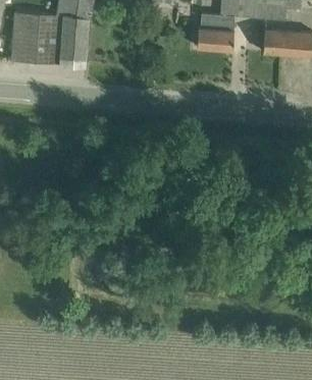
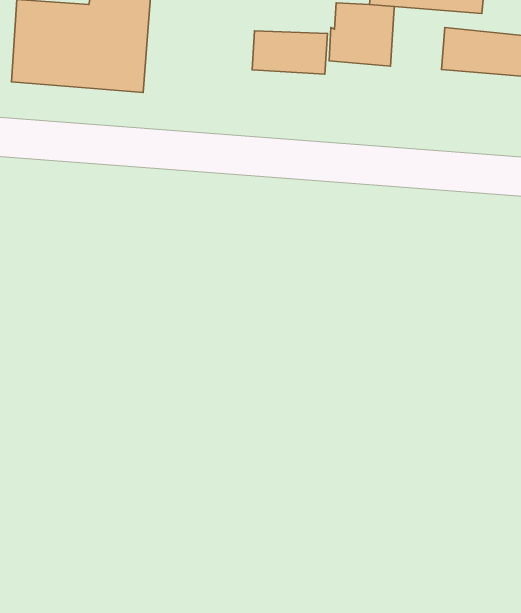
building: none -> [252,31,327,74]

